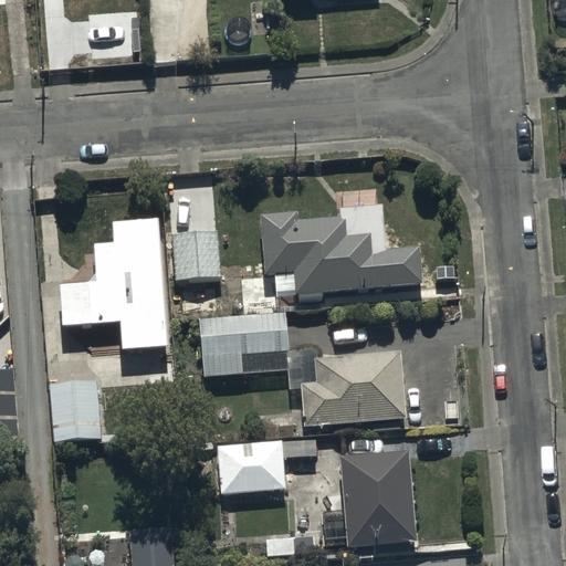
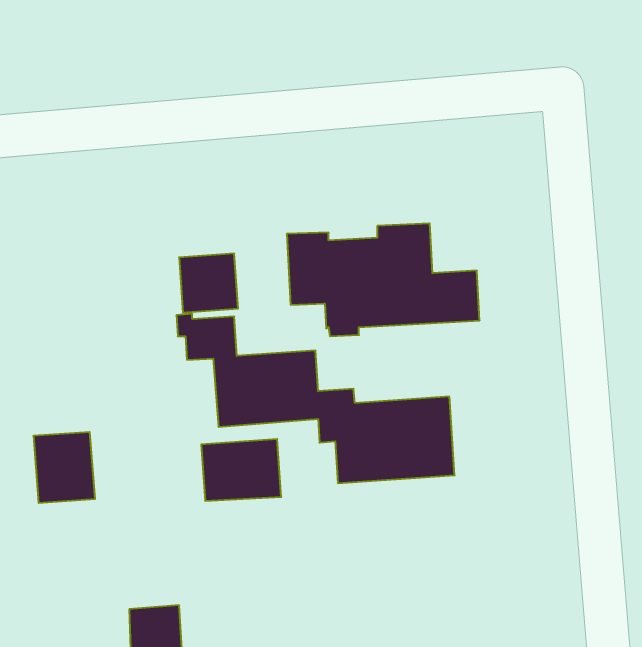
building: [62,219,166,347] -> none
building: [217,441,284,493] -> [201,439,281,501]
building: [321,451,413,545] -> none

